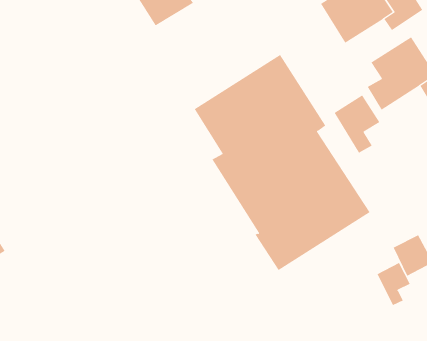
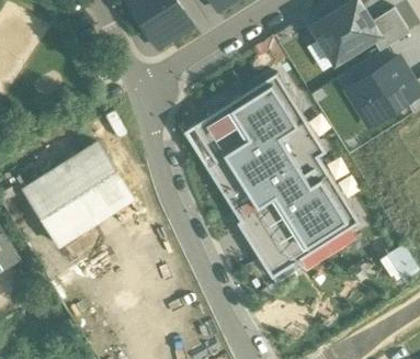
building: [334,94,380,153] -> none
building: none -> [20,143,129,245]
building: [377,262,411,306] -> none

